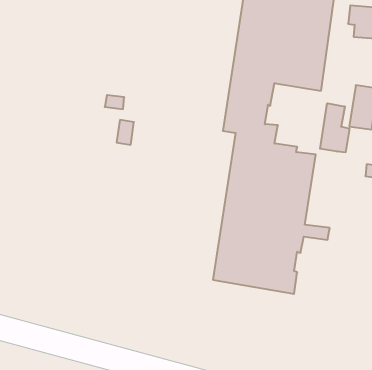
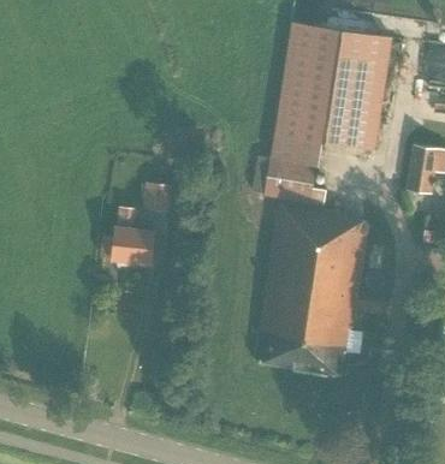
building: [320,103,349,152] -> none
building: none -> [102,206,155,261]

